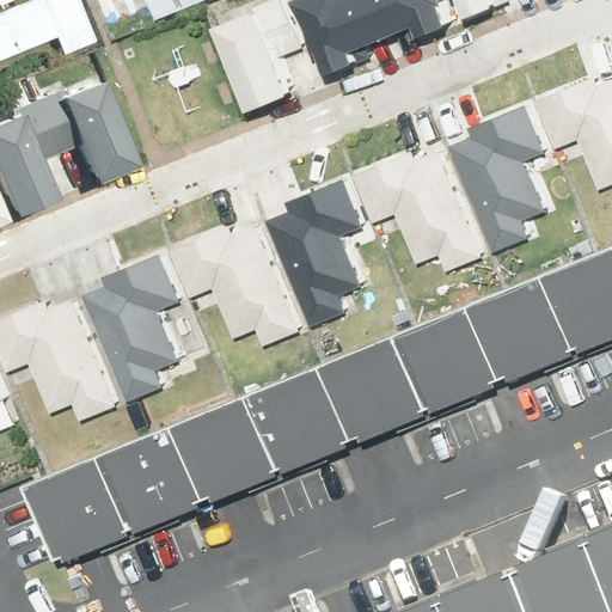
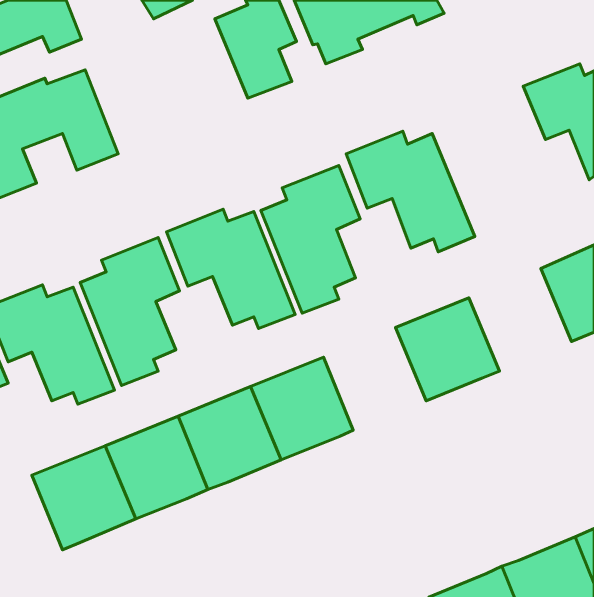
building: [448,100,549,251] -> none
building: [475,279,579,382] -> none
building: [328,338,432,442] -> none

